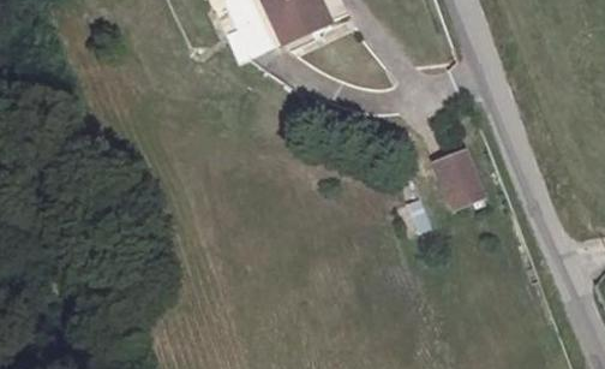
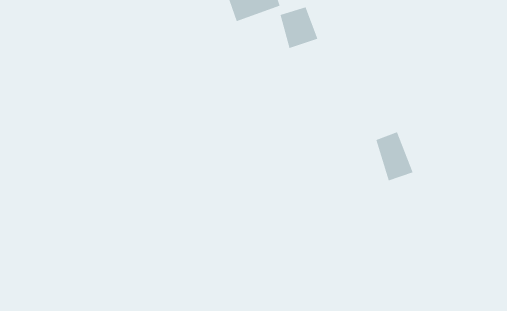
building: none -> [280,6,318,49]

